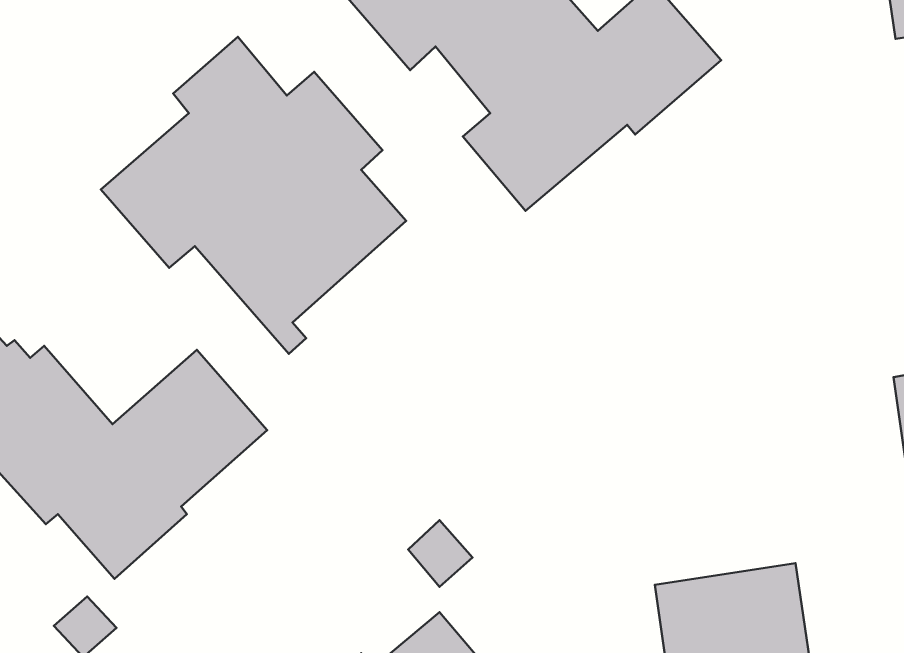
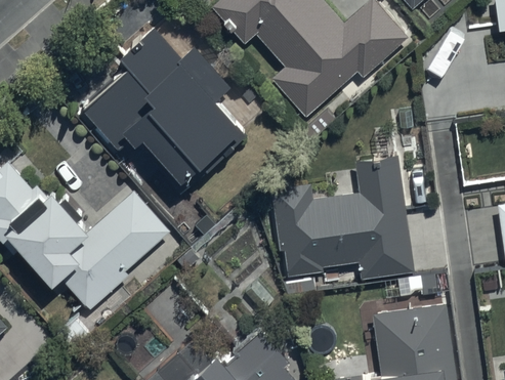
building: none -> [272,157,414,279]

